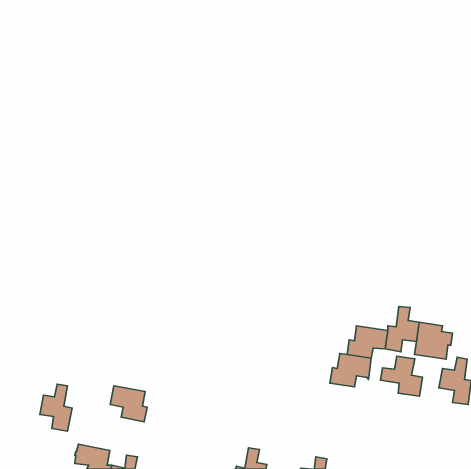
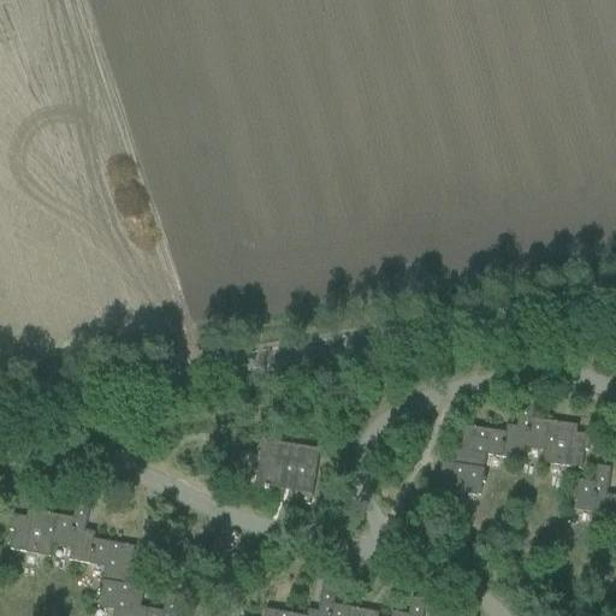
building: none -> [257,439,321,503]
building: [380,356,423,396] -> none
building: [110,386,147,422] -> [89,538,137,585]
building: none -> [10,509,58,556]

